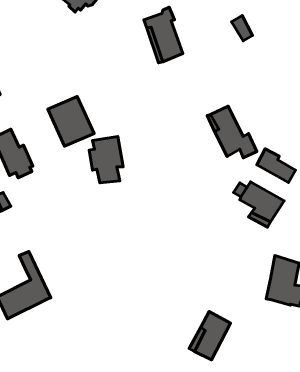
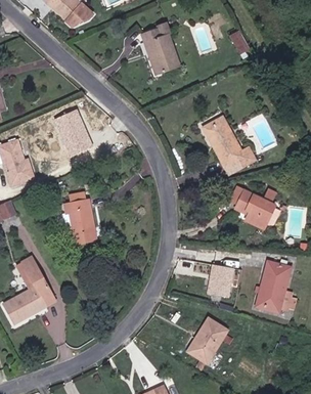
building: [89,136,123,183] -> [64,196,97,242]
building: [257,149,296,182] -> none
building: none -> [206,264,232,296]

